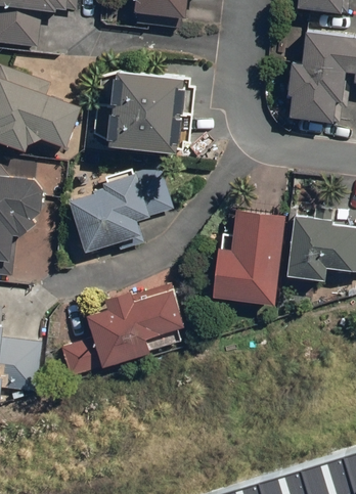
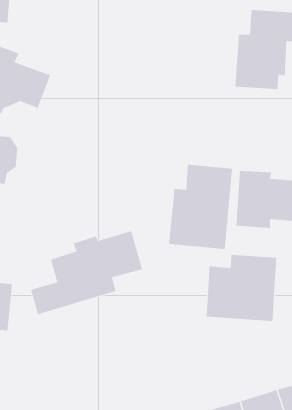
building: [88,69,191,151] -> none
building: [69,173,150,252] -> none
building: none -> [206,254,277,322]

